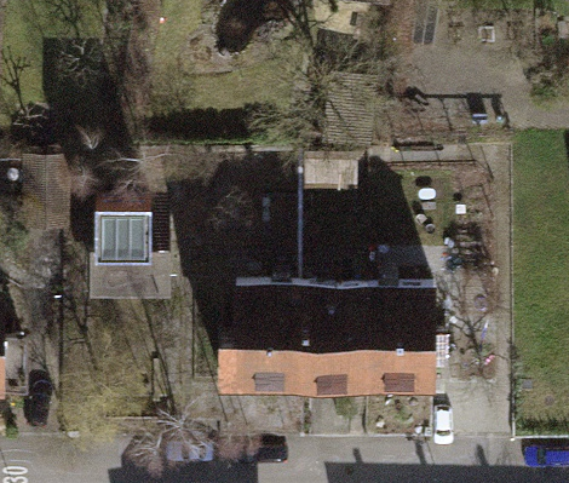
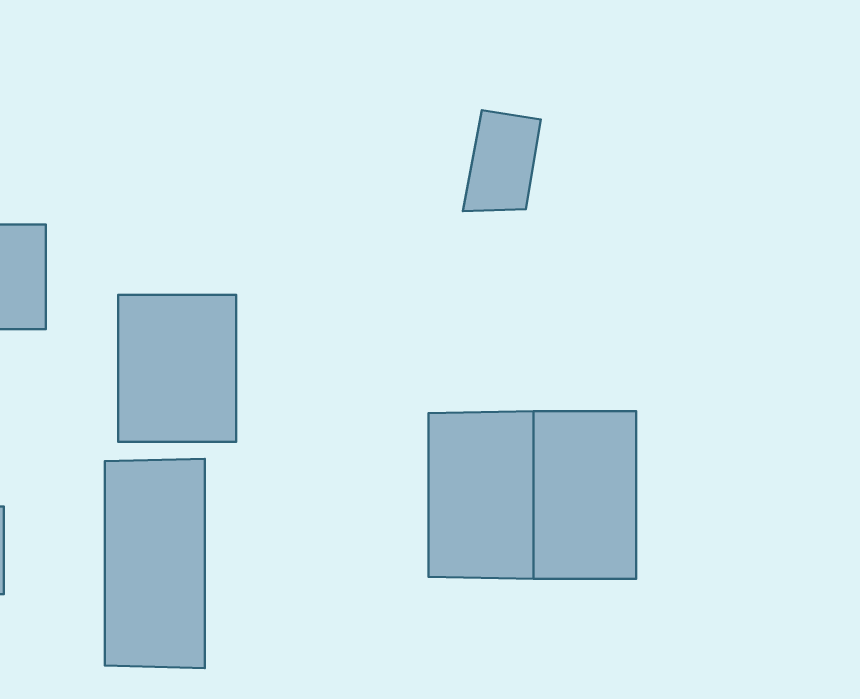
building: [225,286,289,390] -> none
building: none -> [105,459,205,668]

